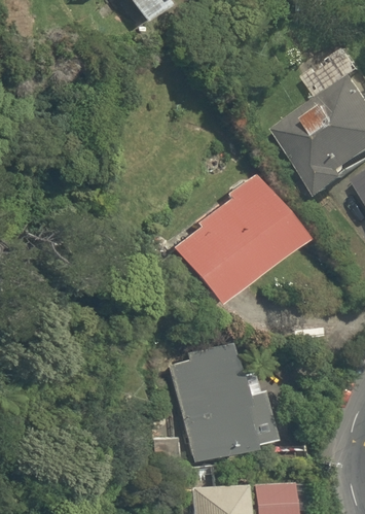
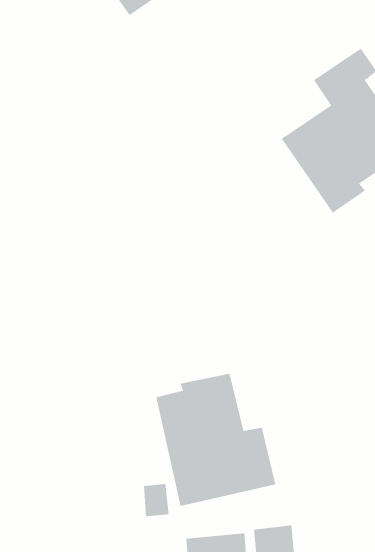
building: [172,179,302,306] -> none

